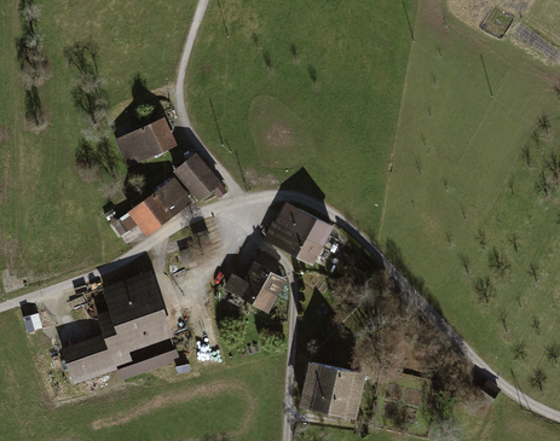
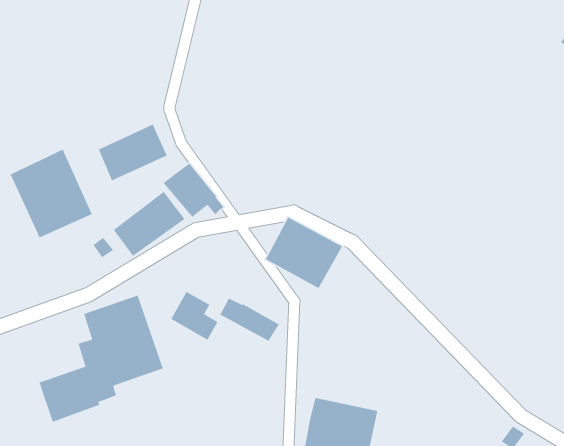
building: none -> [9,149,93,238]
building: [243,251,287,296] -> [170,291,219,341]

